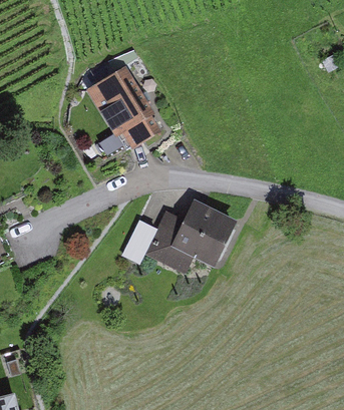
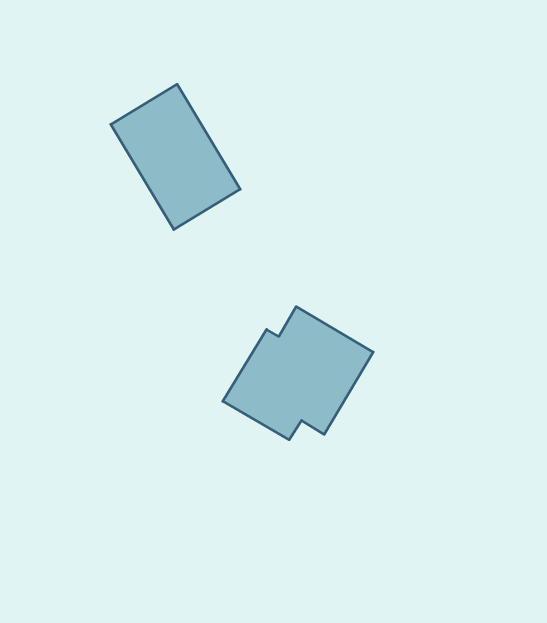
building: [126,218,160,262] -> none

